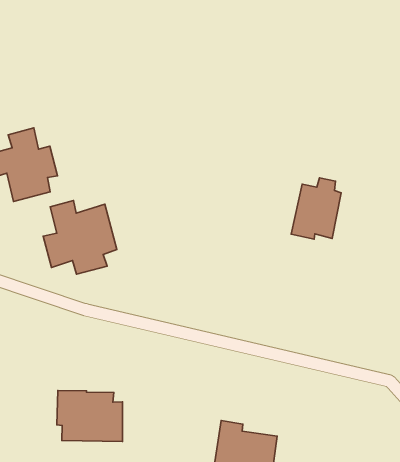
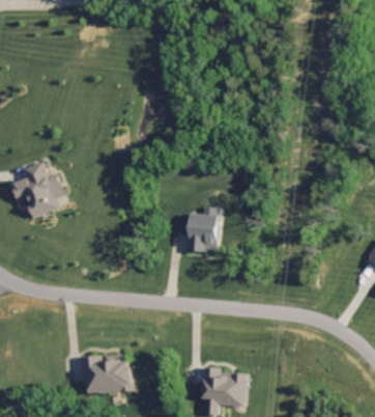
building: [291,178,341,239] -> [188,205,222,252]
building: [43,201,117,274] -> none

